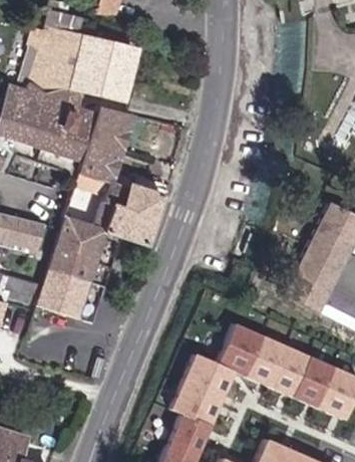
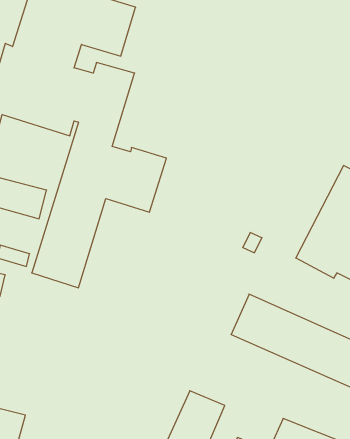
building: [174,355,239,426] -> none

